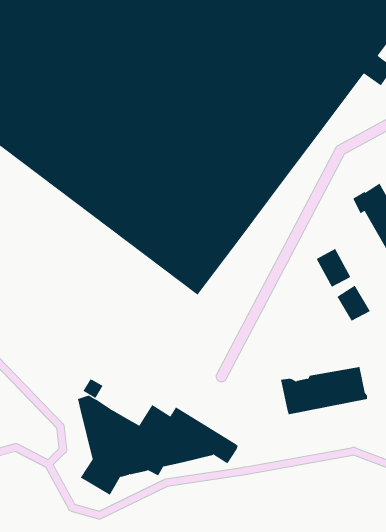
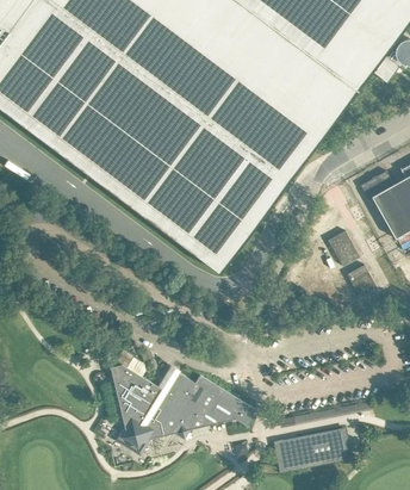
building: [280,366,368,415] -> [274,427,354,471]

